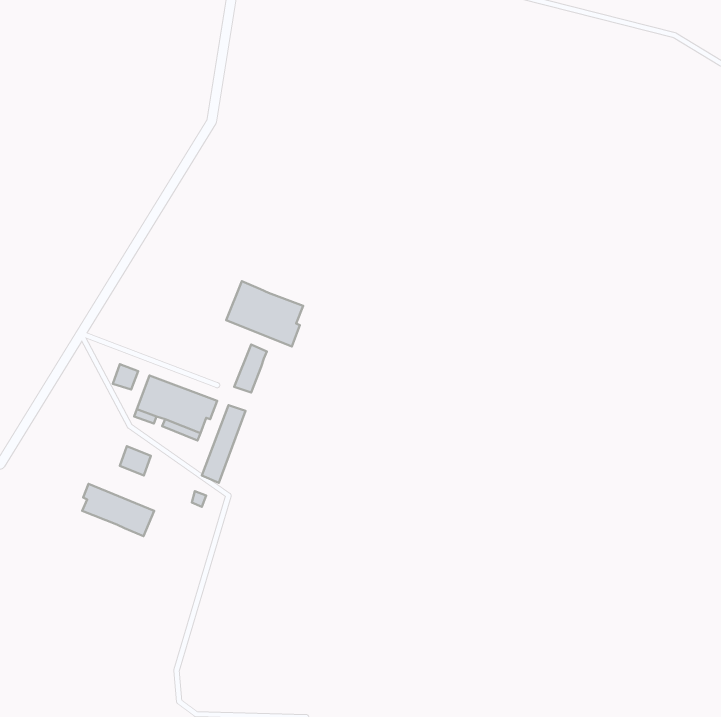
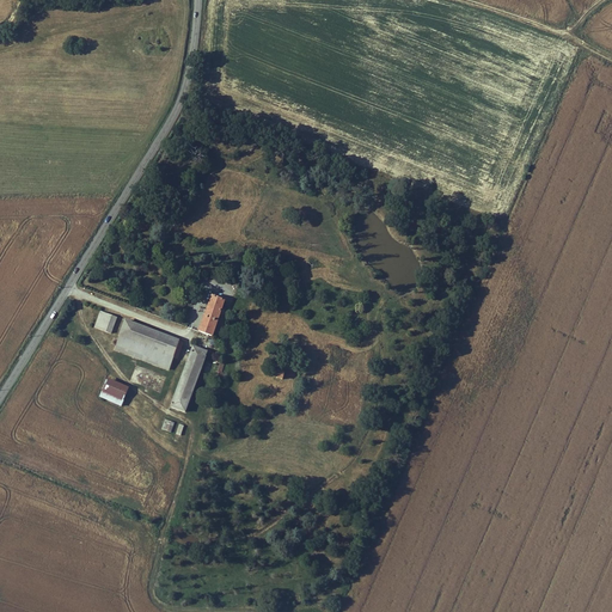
building: [226,281,303,346] -> none
building: [82,484,154,536] -> none

